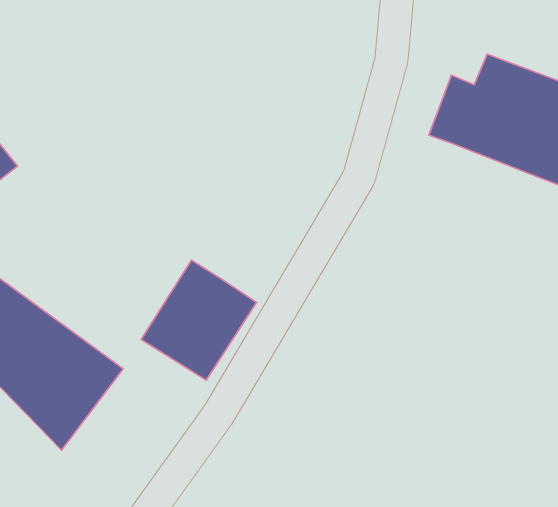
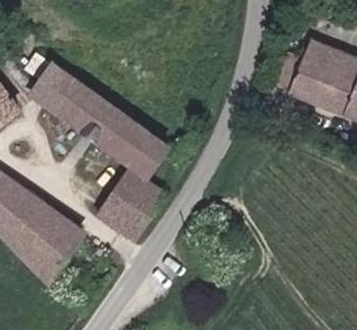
building: none -> [28,60,169,178]

